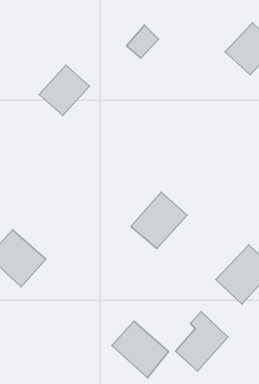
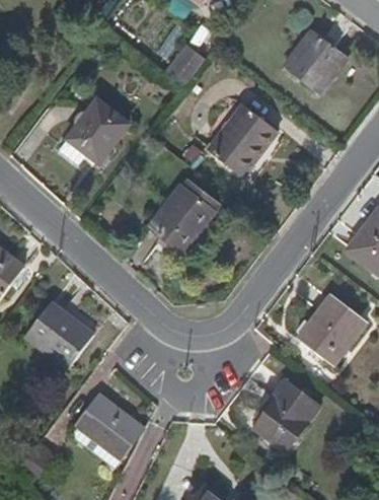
building: none -> [209,105,276,174]
building: [131,192,187,248] -> [150,186,216,253]
building: [112,321,169,378] -> [76,395,144,460]

